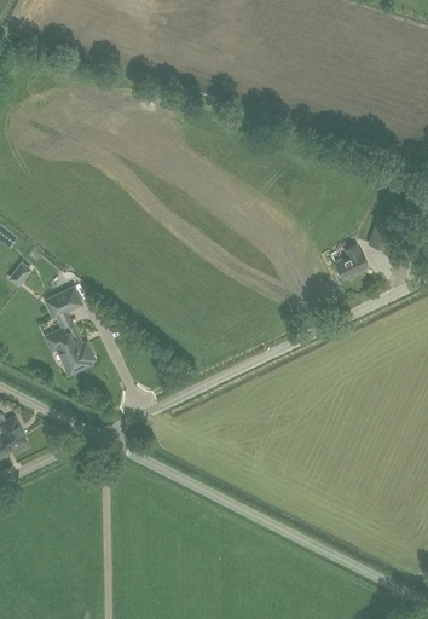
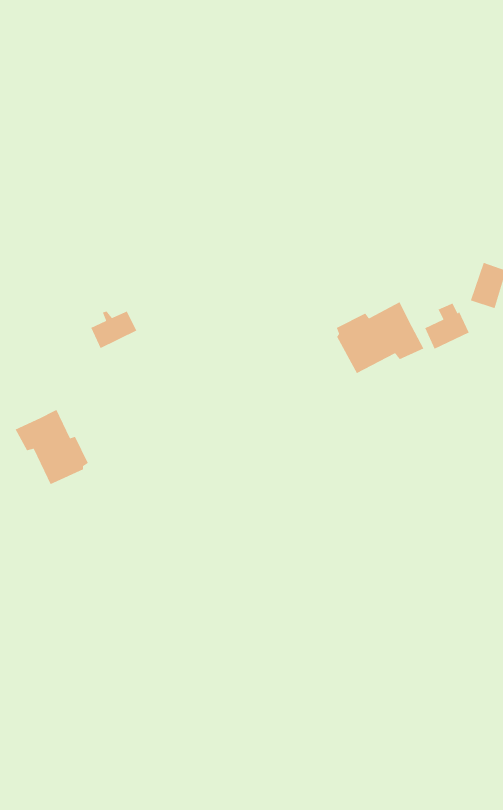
building: none -> [336,301,425,374]
building: [47,288,81,316] -> [90,310,137,349]

